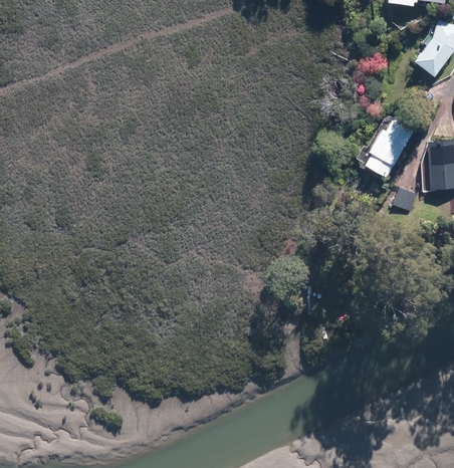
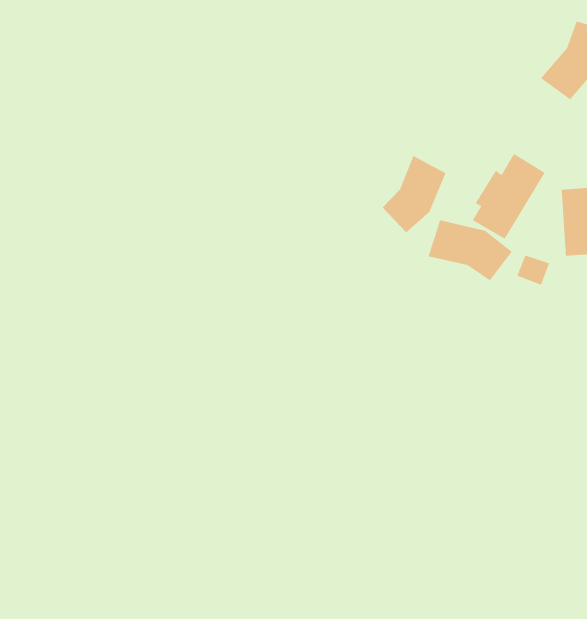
building: none -> [382,155,446,233]
building: none -> [428,219,513,281]

